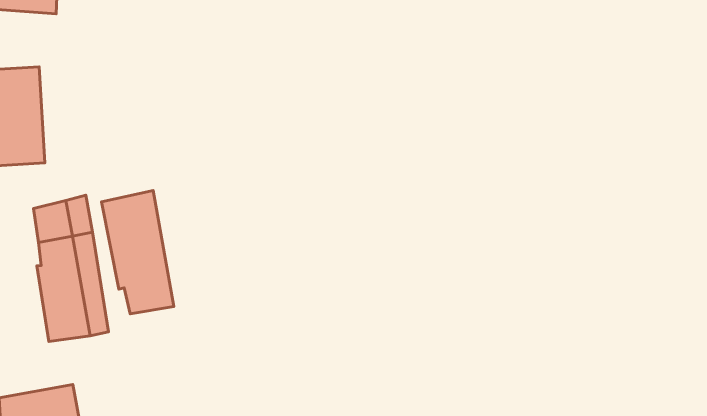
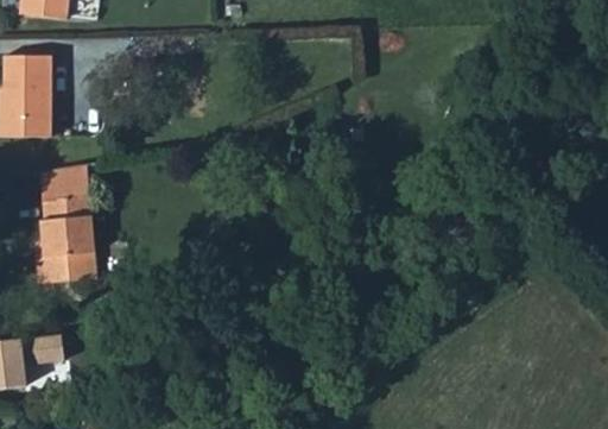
building: [102,191,174,314] -> none

